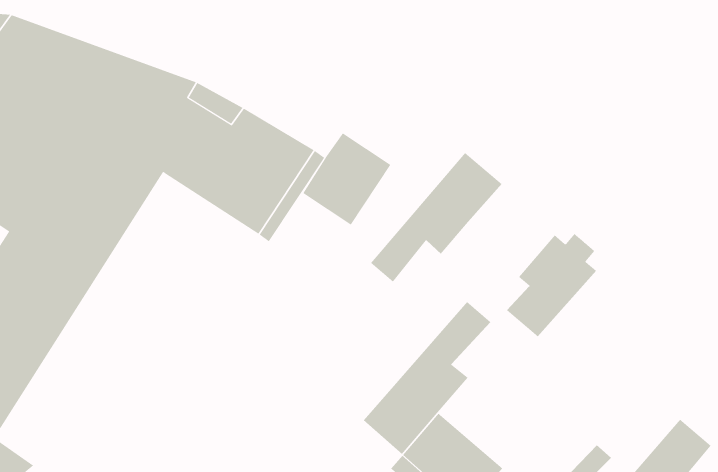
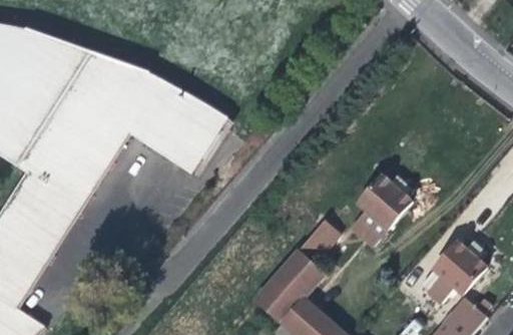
building: [302,132,391,225] -> none
building: [370,152,502,282] -> none
building: none -> [422,239,487,301]

